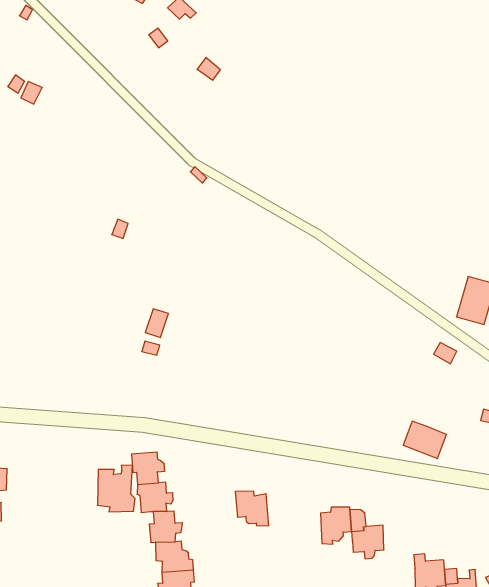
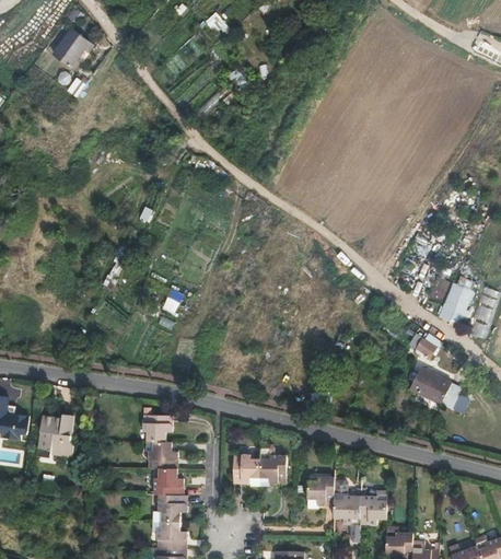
building: none -> [60,27,90,58]
building: [403,421,447,459] -> [412,365,452,400]
building: [97,465,135,512] -> [39,414,73,455]
building: none -> [259,444,287,487]
building: none -> [360,494,386,523]

